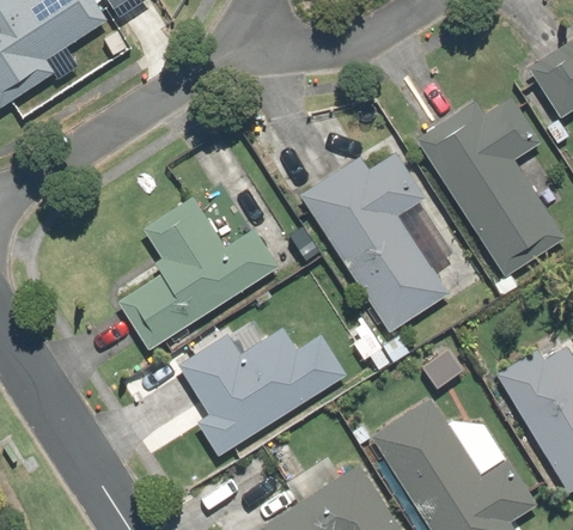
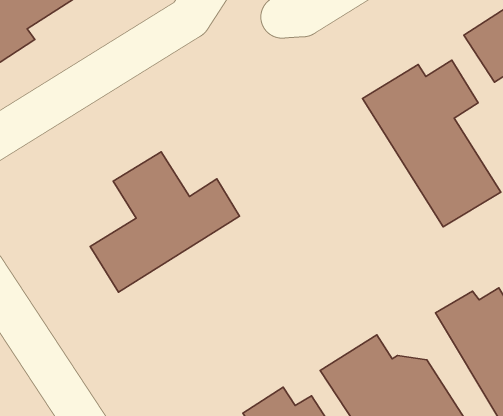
building: [299,151,450,335] -> none
building: [177,327,347,457] -> none

